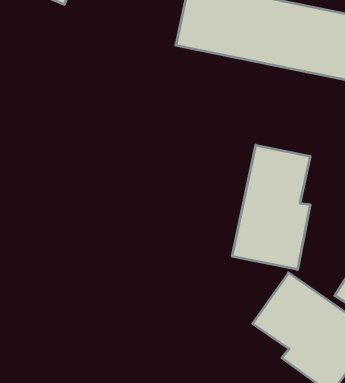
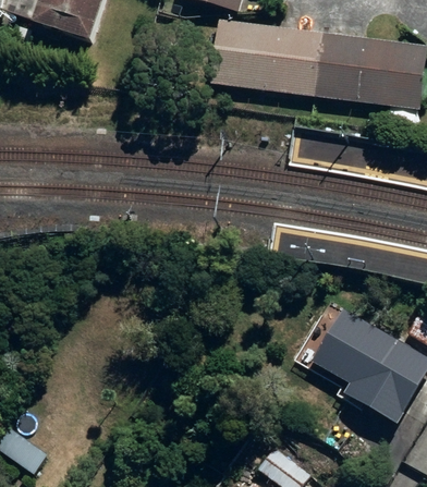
building: [232,145,310,270] -> none

